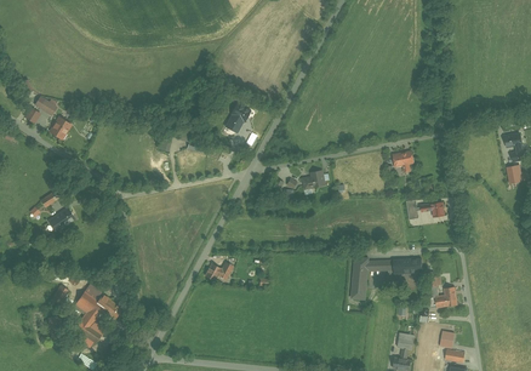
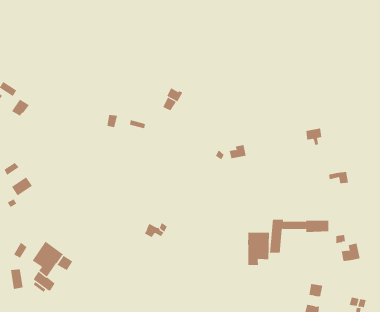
building: none -> [247,232,269,266]

